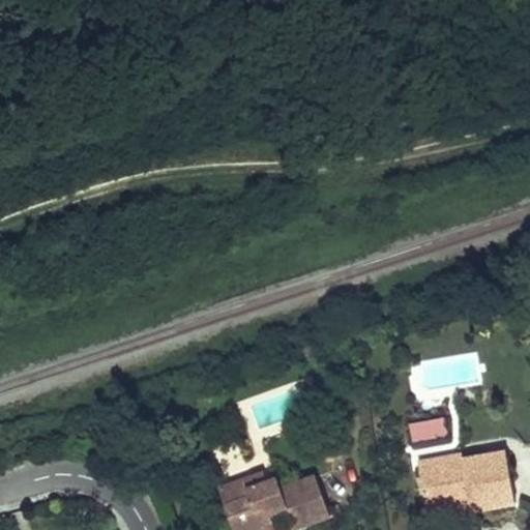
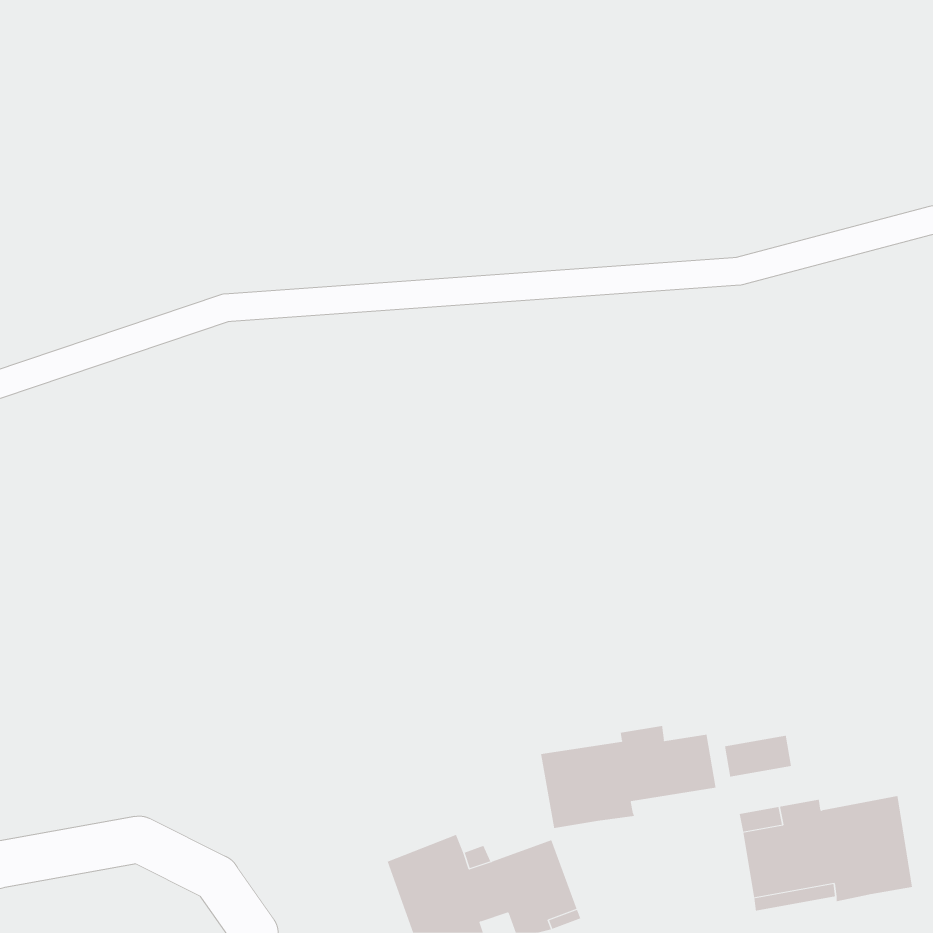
building: none -> [540,725,716,829]

